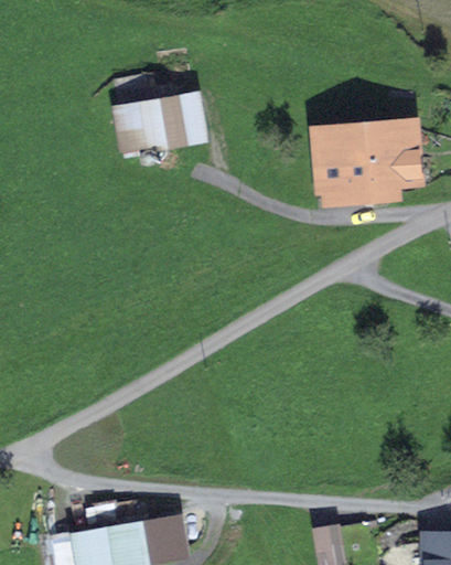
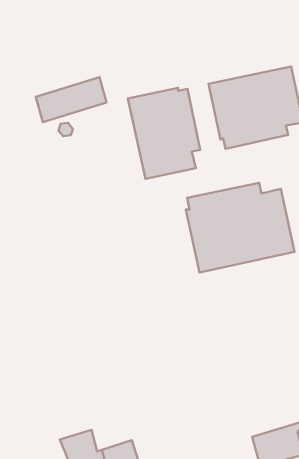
building: none -> [128,88,200,179]
building: none -> [186,183,294,272]

